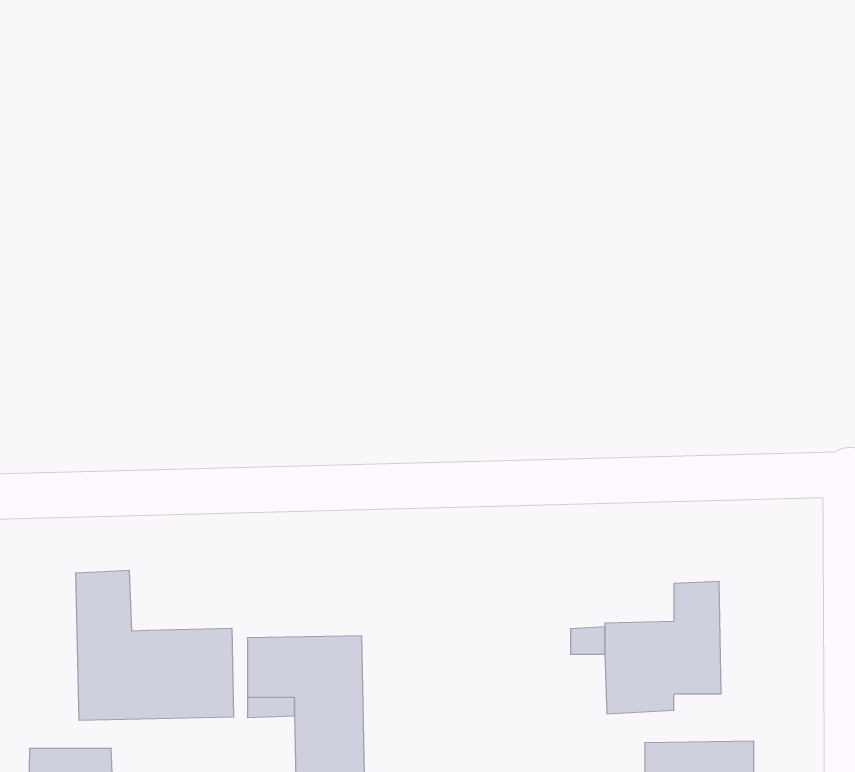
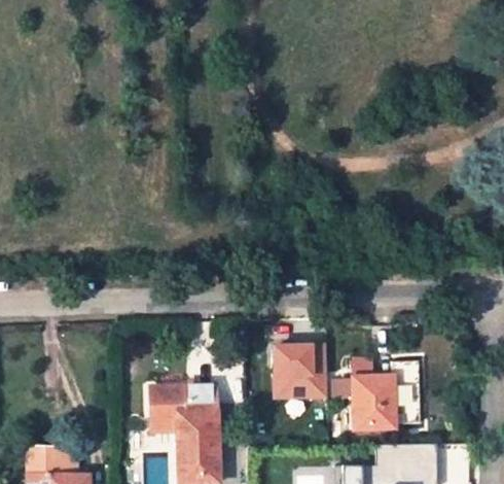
building: none -> [274,346,325,399]
building: [76,570,233,720] -> none

